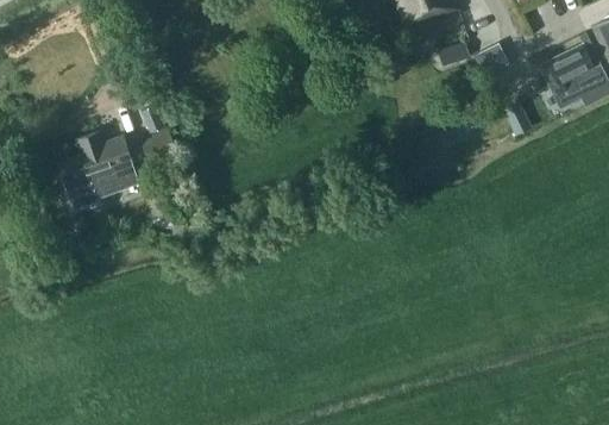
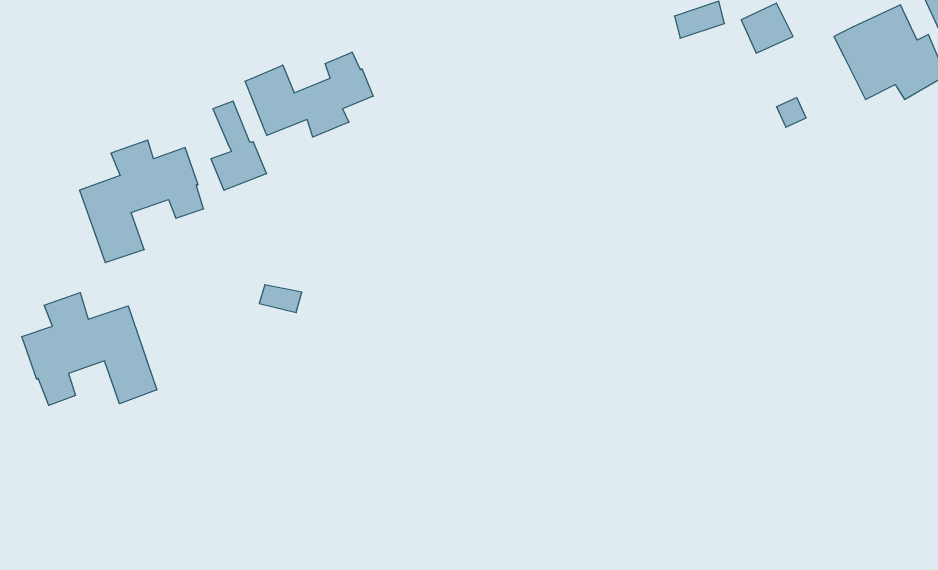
building: none -> [245,52,373,137]
building: none -> [22,293,157,405]

